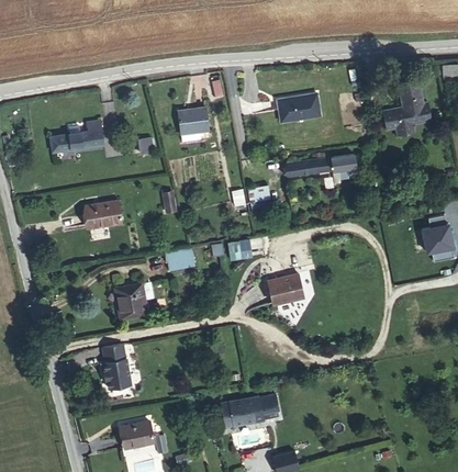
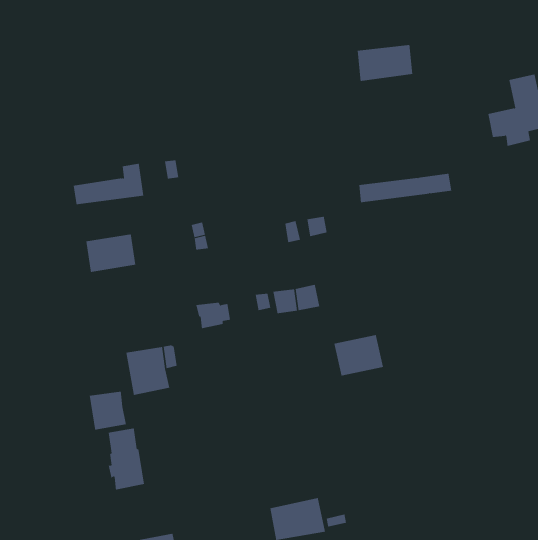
building: [279,93,321,121] -> [357,45,413,82]
building: [177,106,209,134] -> none
building: [51,121,103,151] -> [73,163,144,205]
building: none -> [89,391,127,430]

